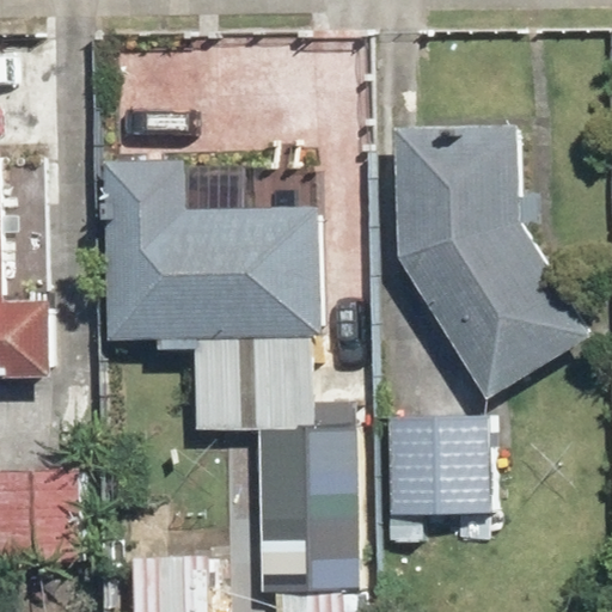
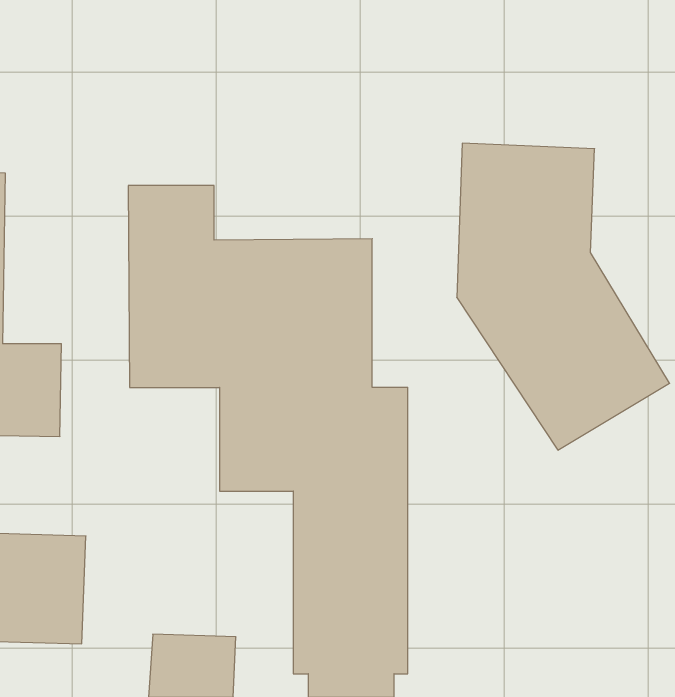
building: [385,418,488,515] -> none

